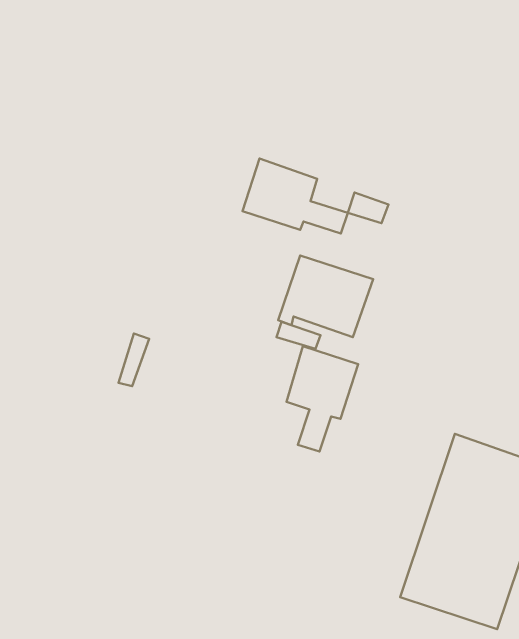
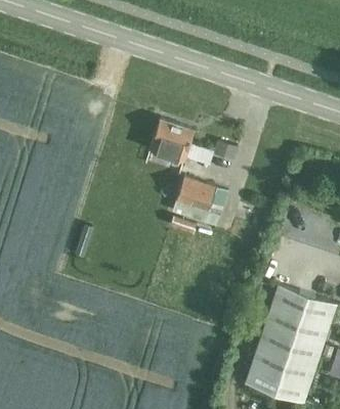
building: [287,346,358,452] -> none

